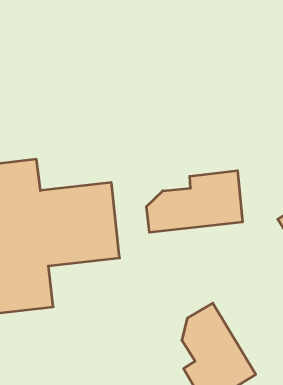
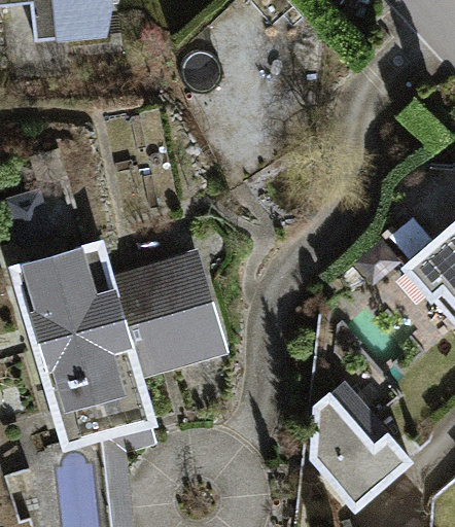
building: [146,171,242,232] -> none

